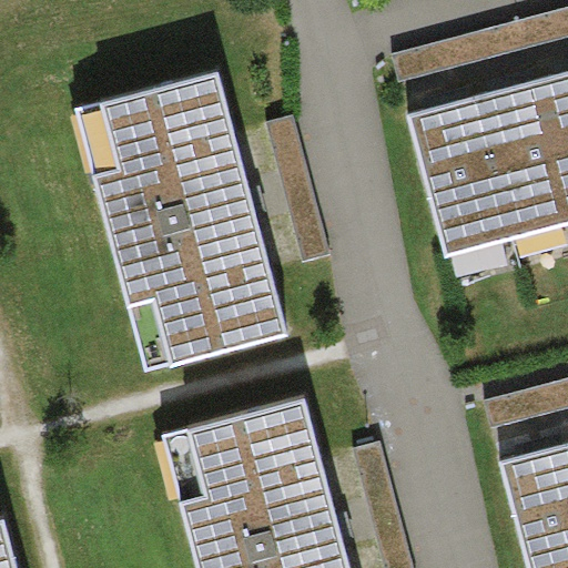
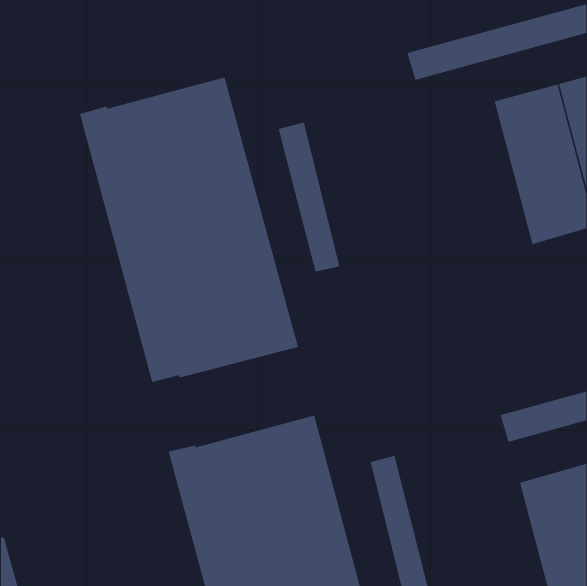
building: [408,99,514,255] -> none

